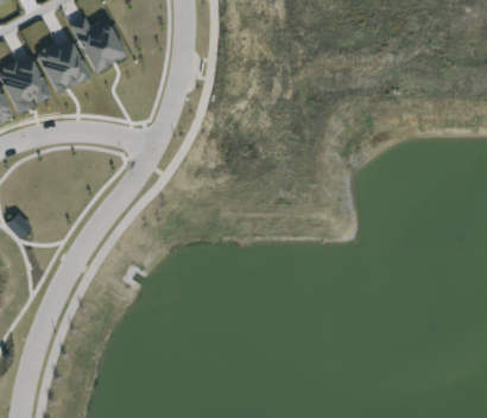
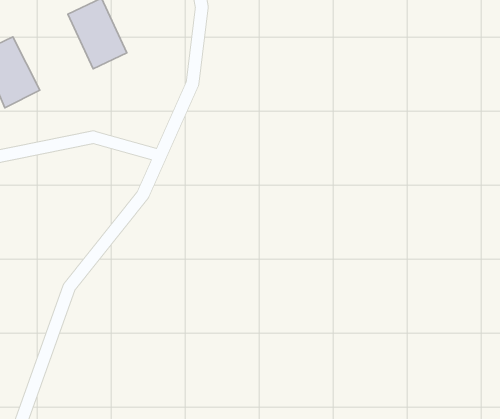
building: [36,31,88,93] -> none

